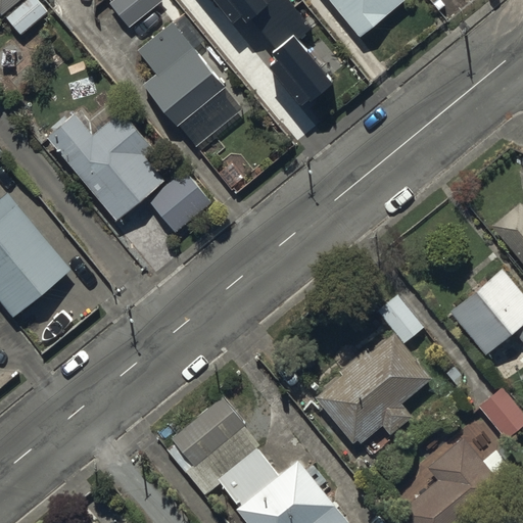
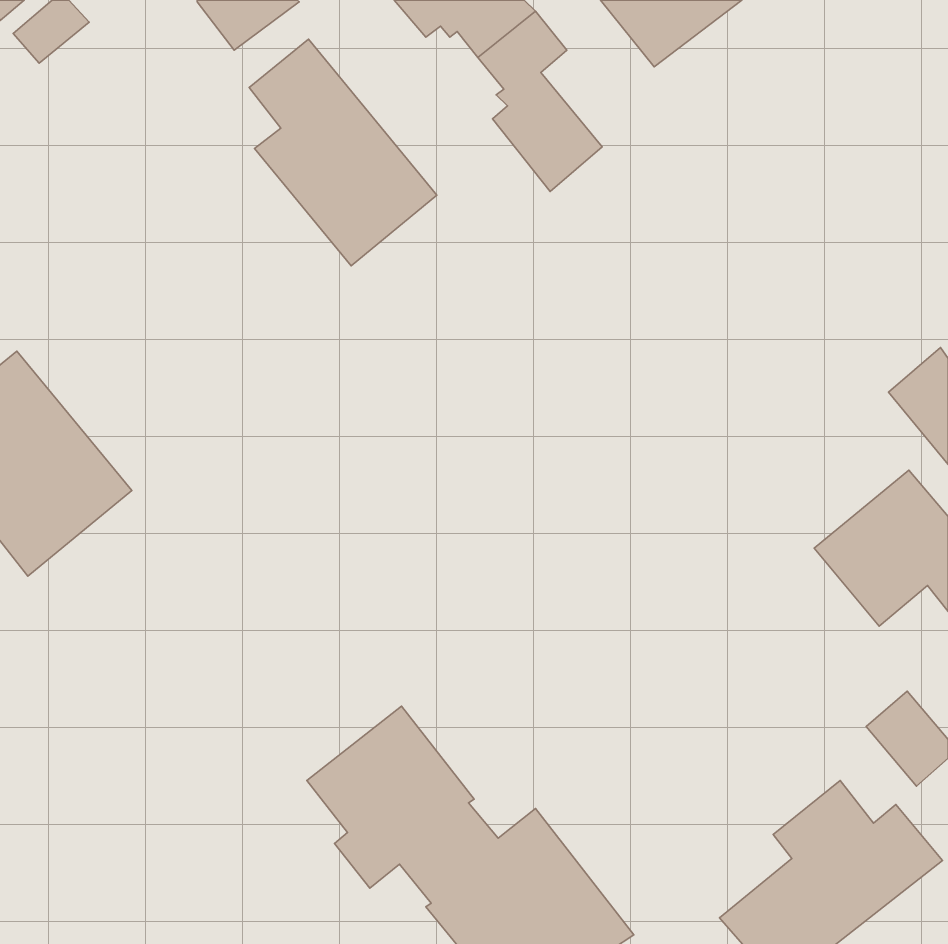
building: [48,104,172,226] -> none
building: [151,177,218,242] -> none
building: [313,292,430,437] -> none

